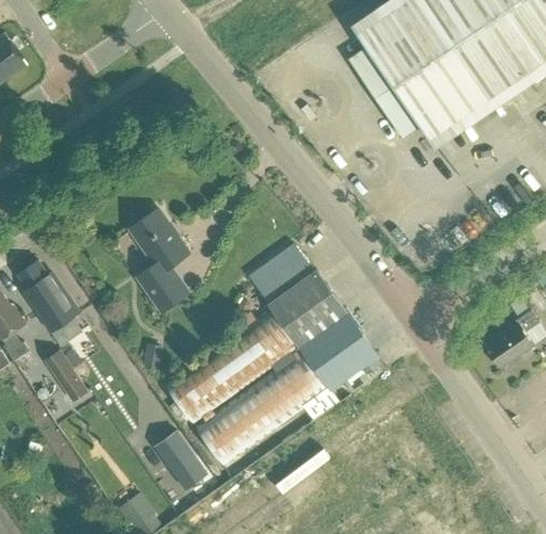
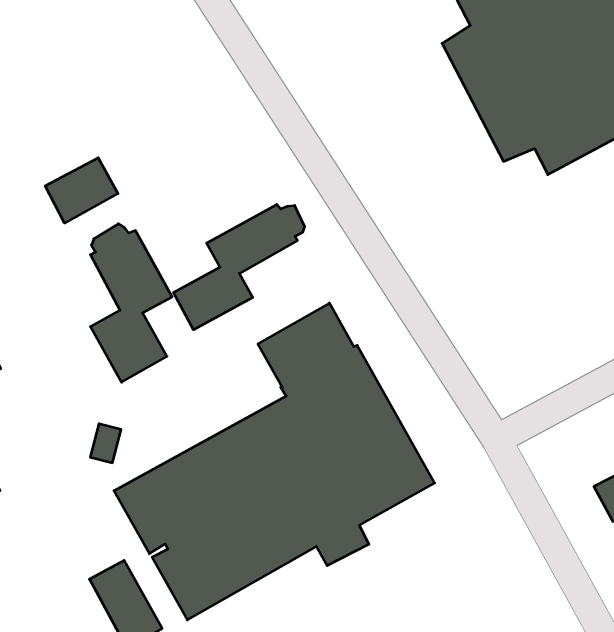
building: none -> [45,158,118,223]
building: none -> [174,204,305,330]

